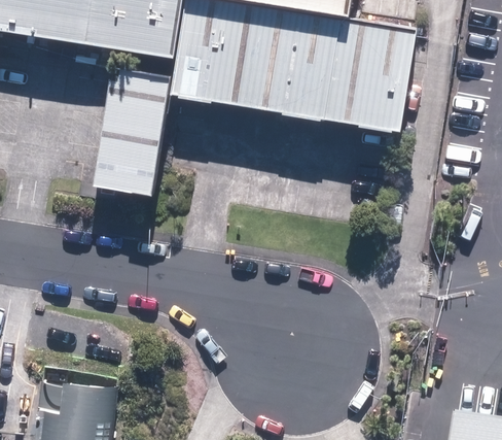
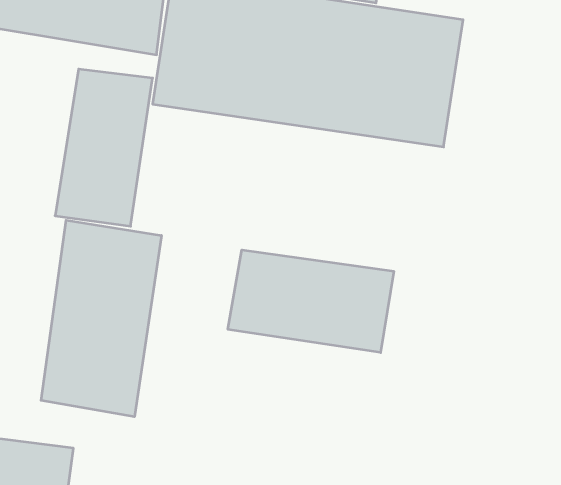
building: none -> [41,220,161,417]
building: none -> [228,250,394,353]

